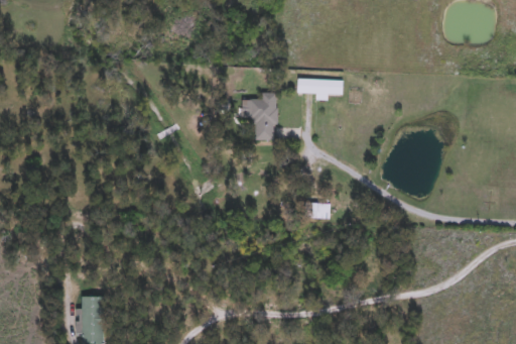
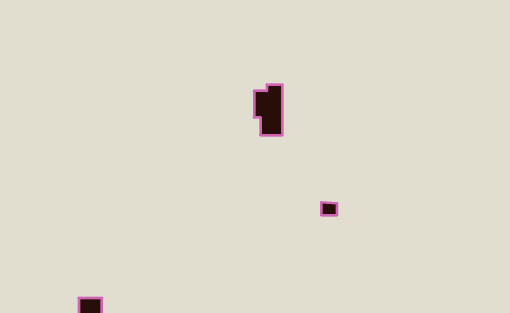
building: [297,74,343,94] -> none

